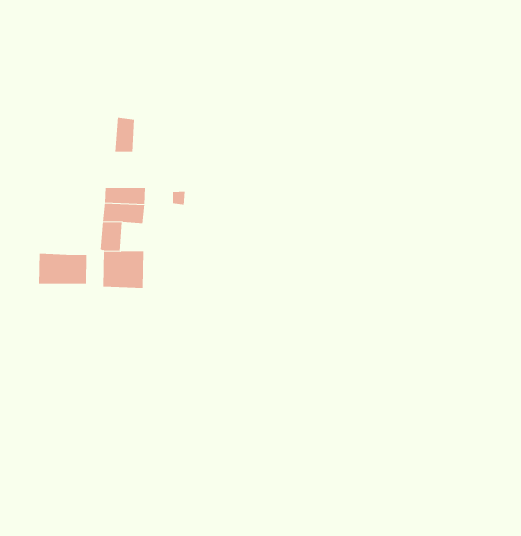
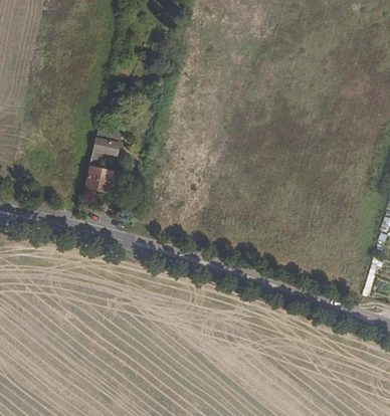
building: [39,253,87,285] -> none

